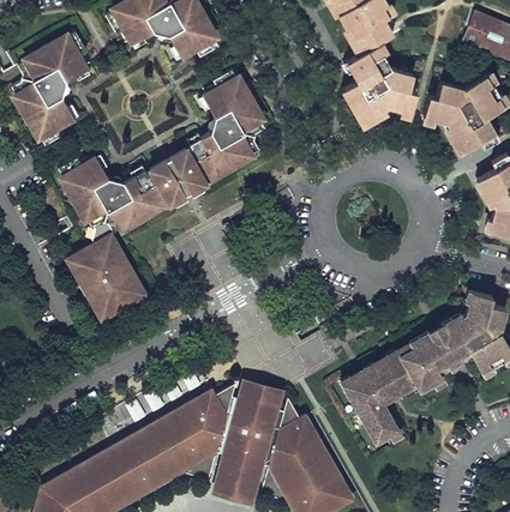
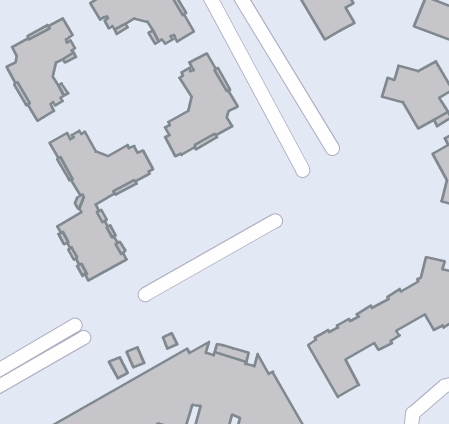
building: [340,44,416,124] -> none
building: [152,150,197,195] -> none

